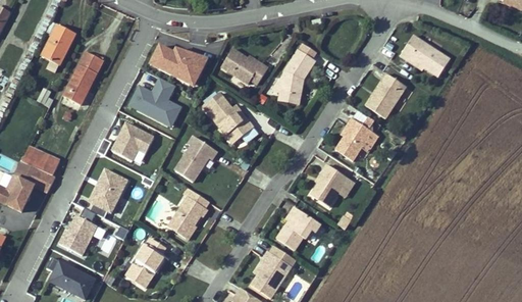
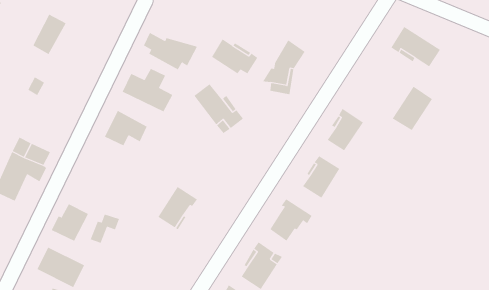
building: [64,52,103,104] -> none
building: [363,74,404,119] -> [392,86,433,131]
building: [172,135,218,182] -> none
building: [86,169,124,219] -> none
building: [125,238,164,285] -> none

